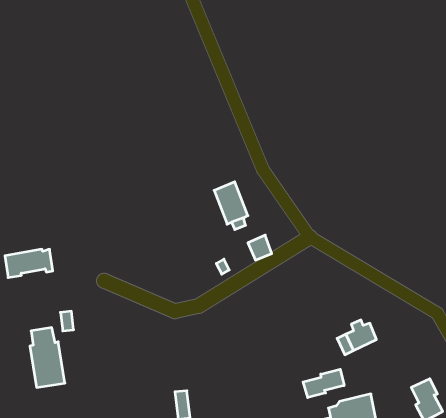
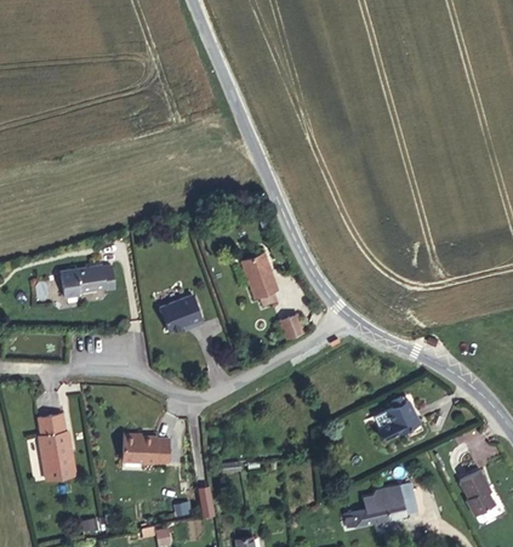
building: none -> [160,292,201,327]
building: [5,249,53,278] -> [61,263,114,295]
building: none -> [121,432,166,458]
building: [303,369,344,398] -> none

